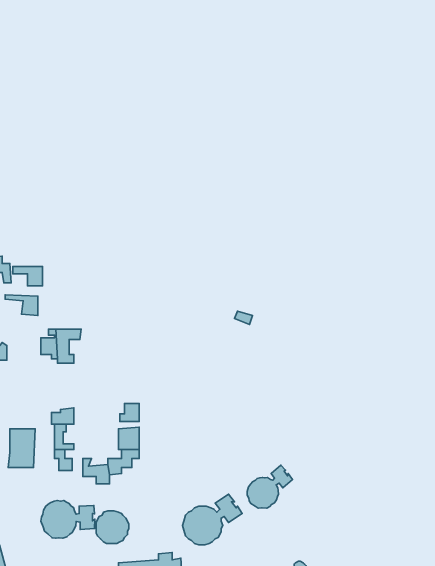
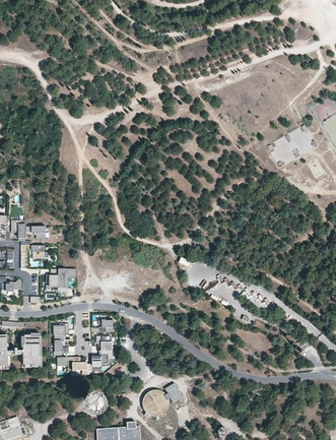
building: [247,465,293,508] -> none
building: [41,501,95,538] -> none

